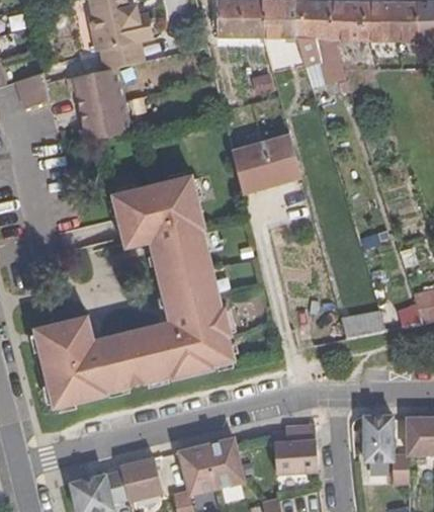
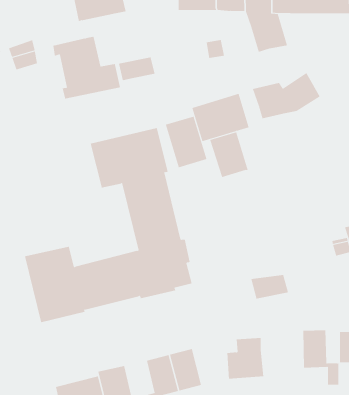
building: [101,40,146,69] -> [118,57,156,81]
building: none -> [252,72,320,119]
building: none -> [165,116,207,168]
building: none -> [209,131,248,178]
building: [340,310,385,339] -> [251,275,289,299]

